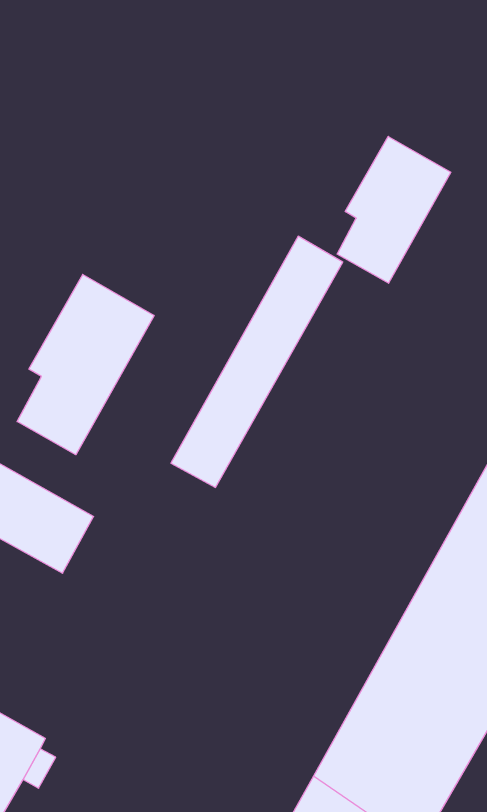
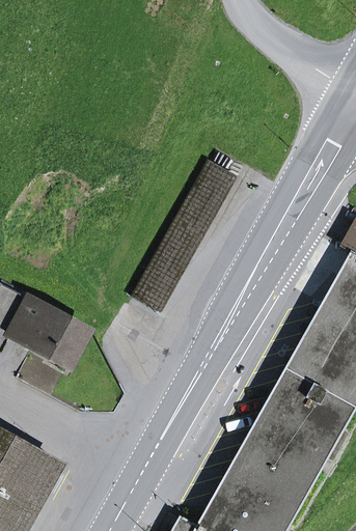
building: [337,136,451,283] -> none
building: [17,274,154,455] -> none

